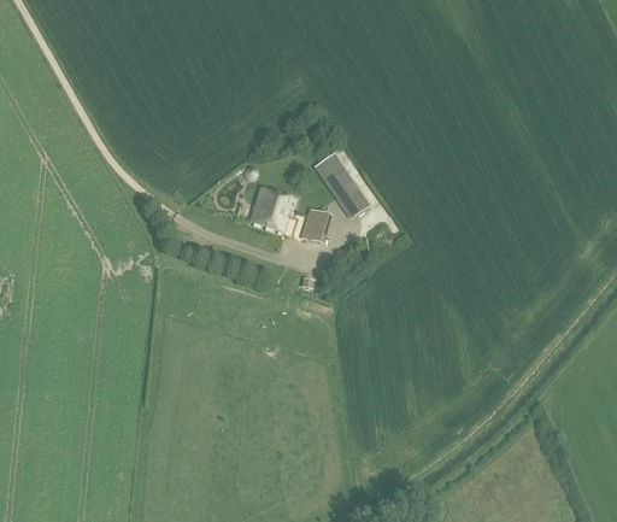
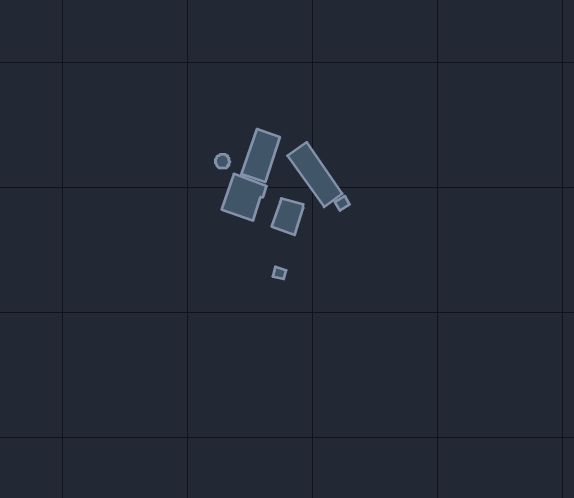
building: none -> [241,129,280,182]

